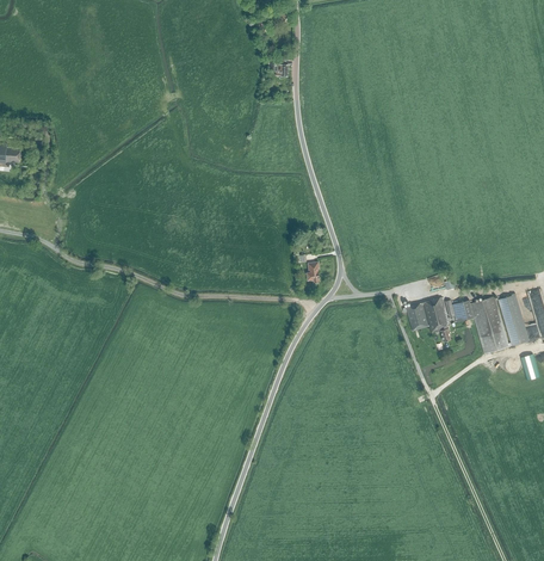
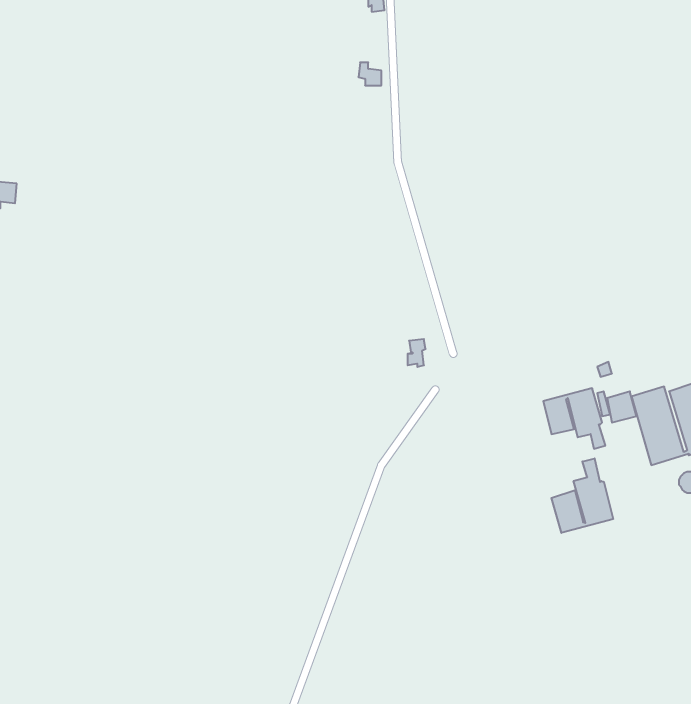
building: none -> [551,458,613,533]

